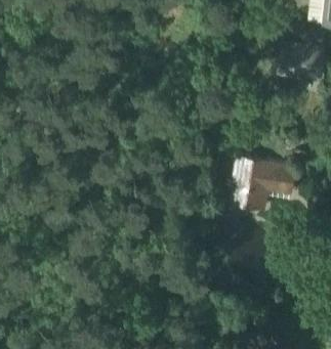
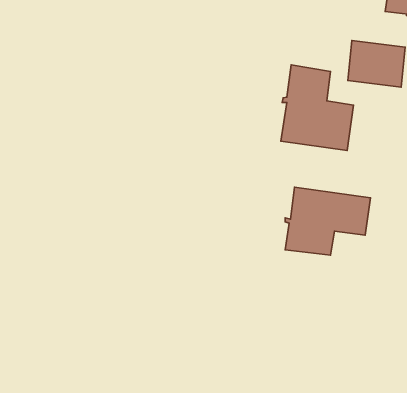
building: none -> [281,65,353,150]

